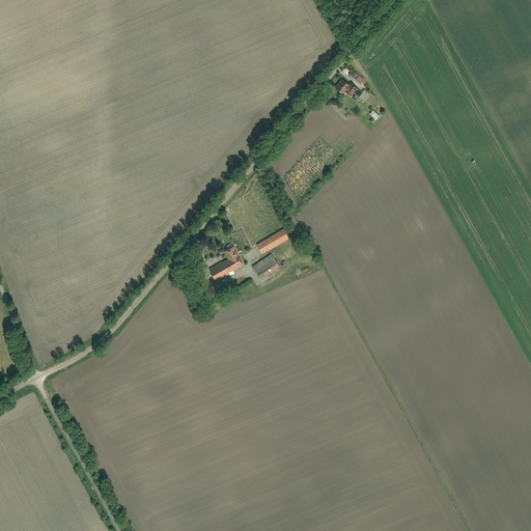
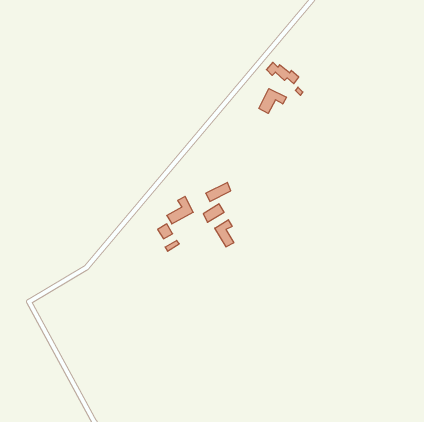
building: none -> [259,89,286,113]
building: none -> [215,220,234,247]

